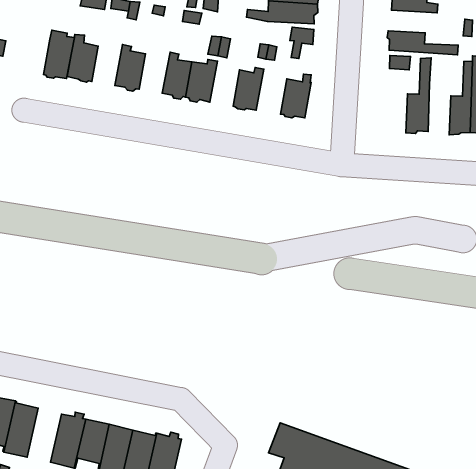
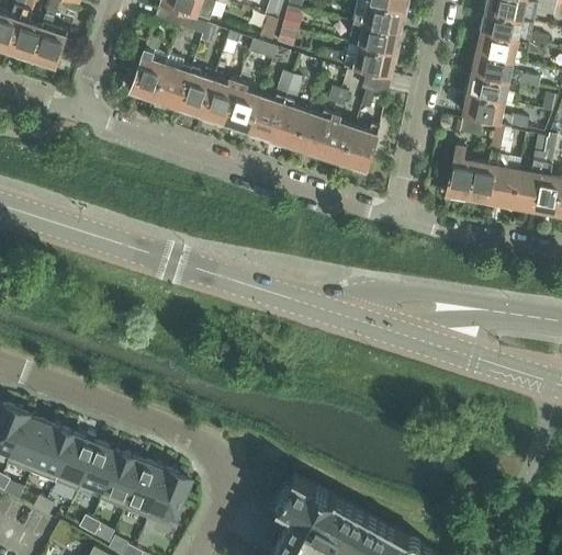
building: none -> [464,72,517,101]
building: [43,30,74,78] -> [154,55,191,106]
building: none -> [201,78,238,122]
building: none -> [271,98,306,146]
building: none -> [317,113,353,162]
building: none -> [445,146,474,200]
building: none -> [490,154,519,208]
building: none -> [30,423,71,480]

